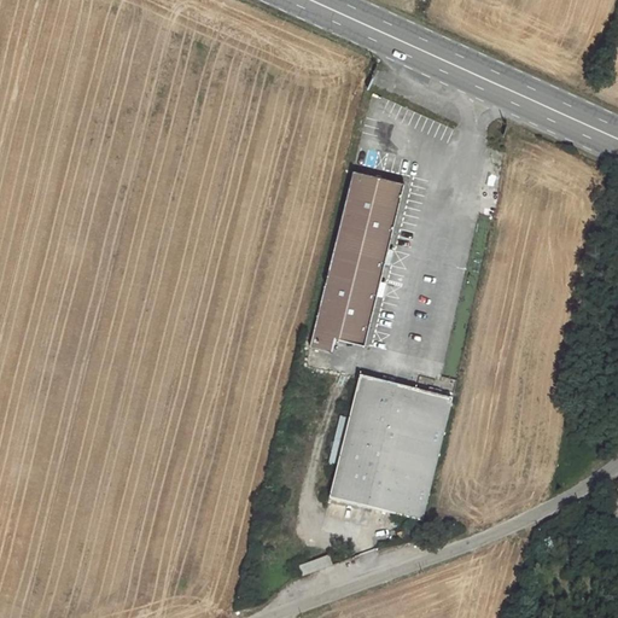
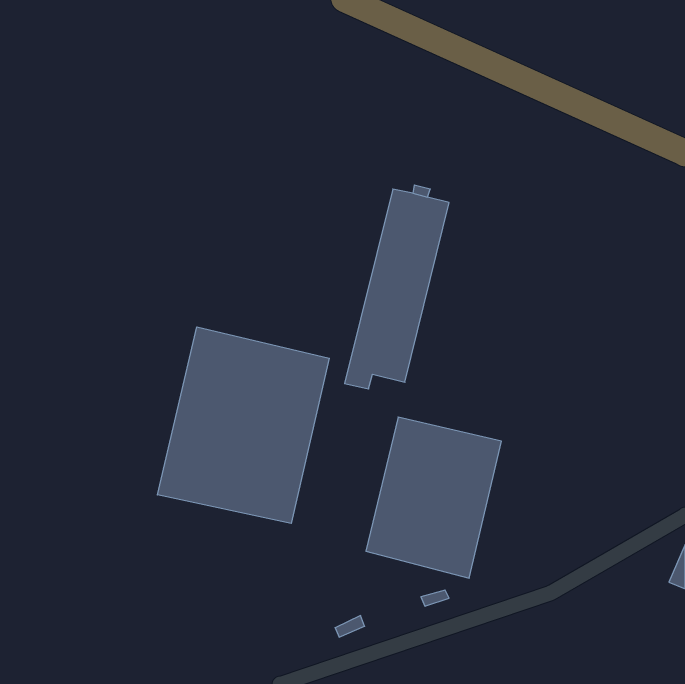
building: none -> [157,327,329,523]

